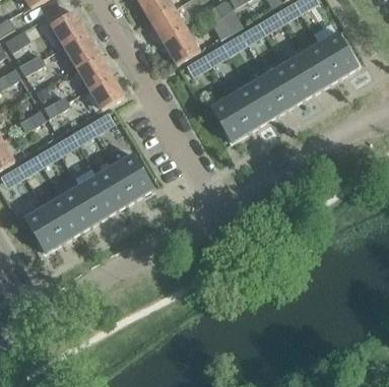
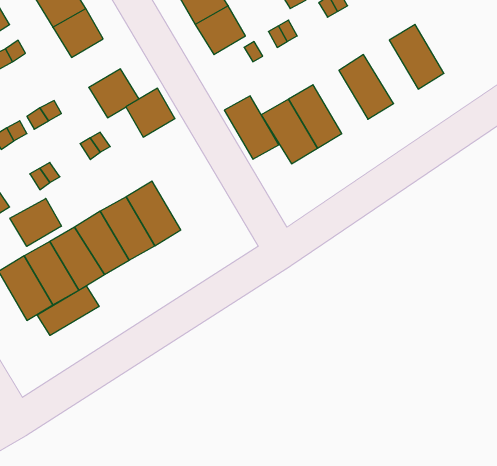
building: [319,33,358,77] -> none
building: [76,53,111,87] -> [126,88,175,137]
building: [282,54,321,99] -> none
building: [247,75,285,120] -> [224,96,279,159]
building: none -> [10,198,61,246]
building: none -> [37,286,99,335]

